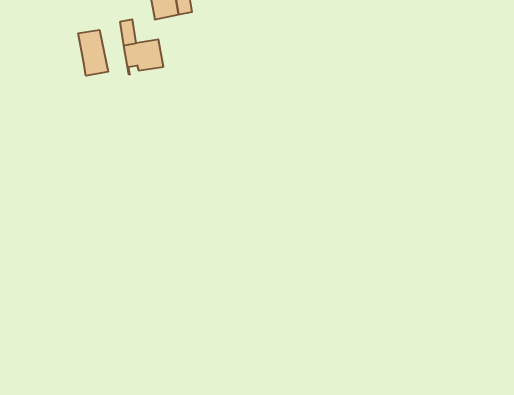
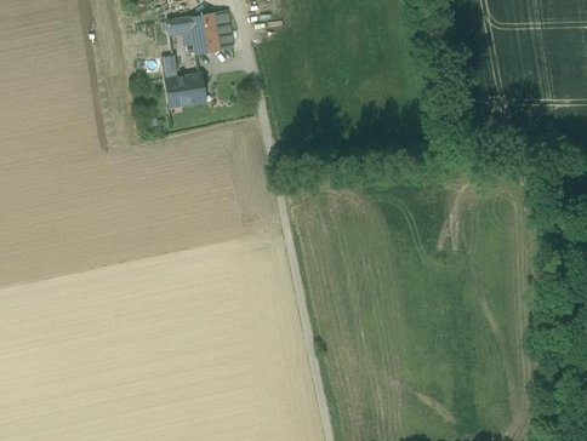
building: [78,30,108,76] -> none

